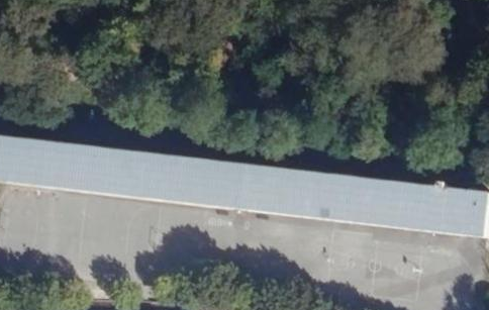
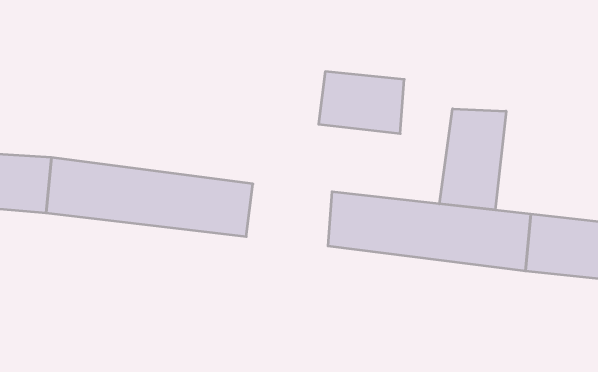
building: none -> [439,109,506,210]
building: [209,163,275,210] -> [319,72,404,134]

